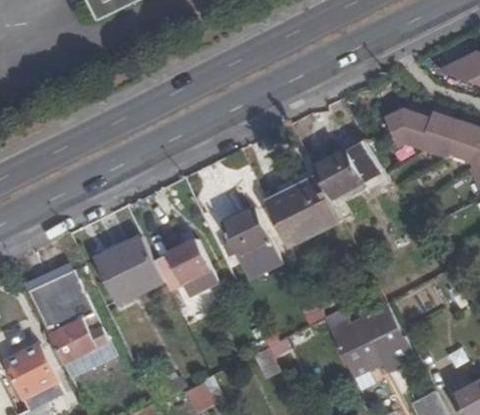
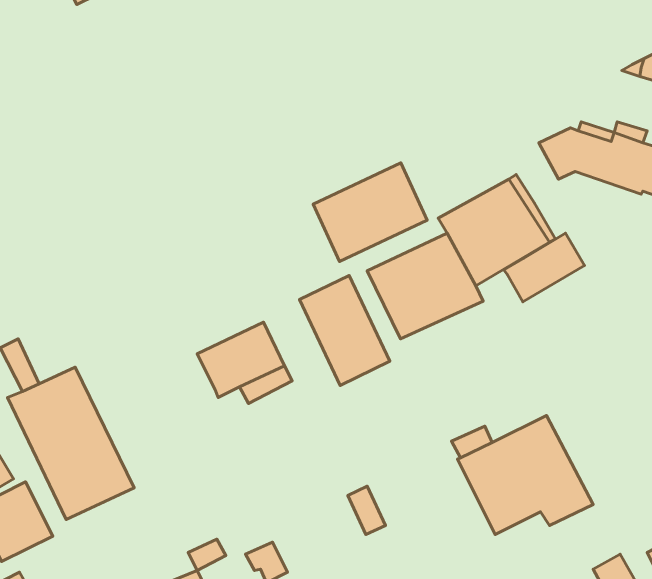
building: none -> [313,163,427,262]
building: none -> [504,233,584,302]
building: [98,239,165,305] -> none

